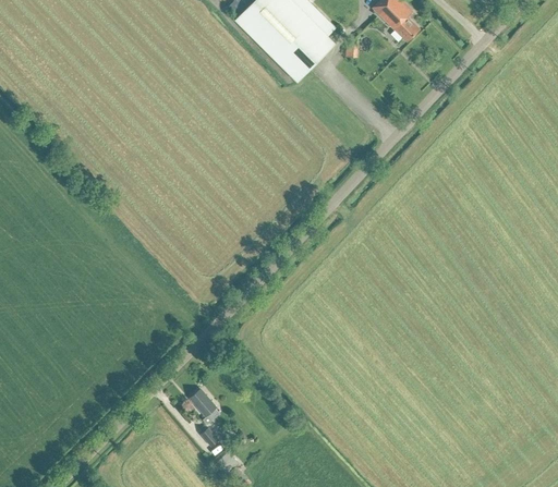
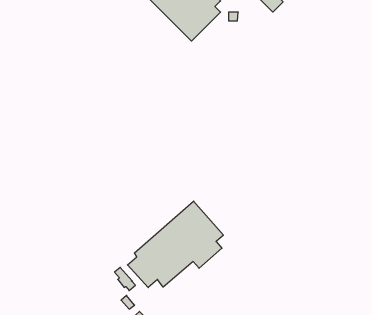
building: none -> [127,201,223,288]

